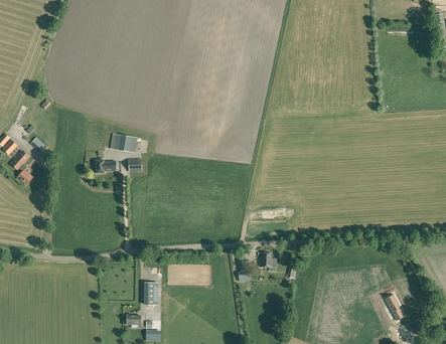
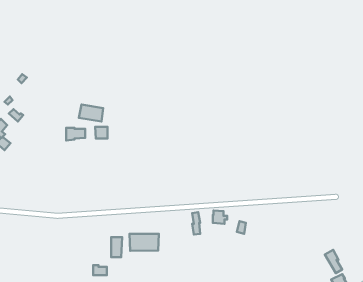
building: none -> [129,234,159,251]

